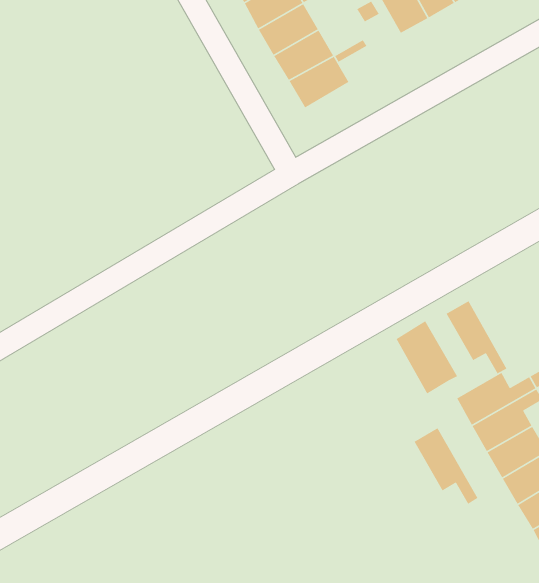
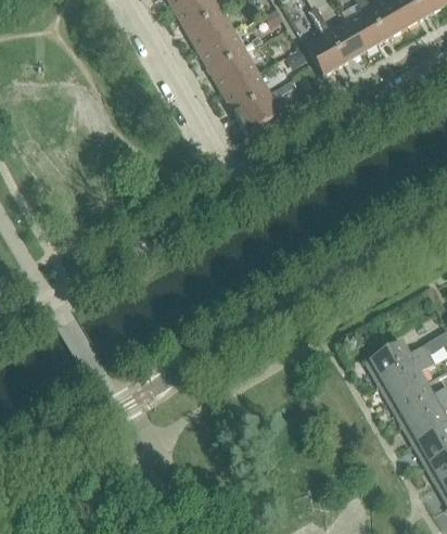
building: [445,300,507,374] -> none
building: [396,320,458,394] -> none
building: [414,427,479,505] -> none

